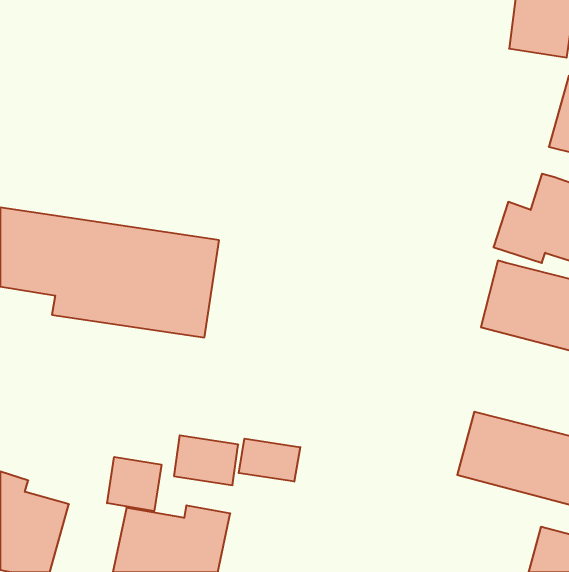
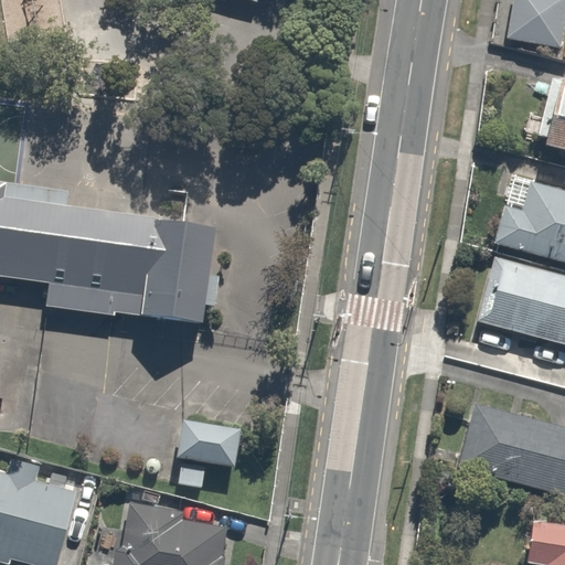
building: [239,439,300,482] -> none
building: [107,457,161,511] -> none

